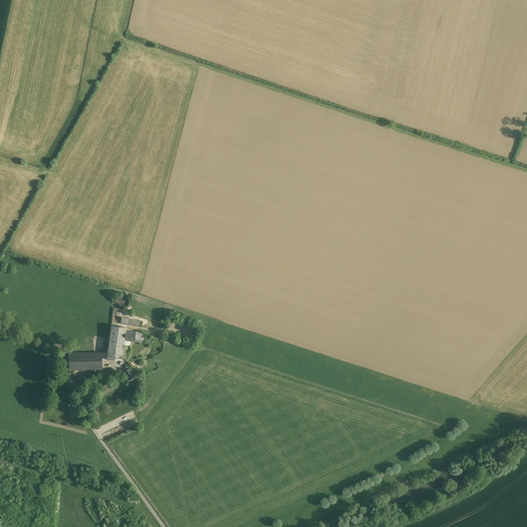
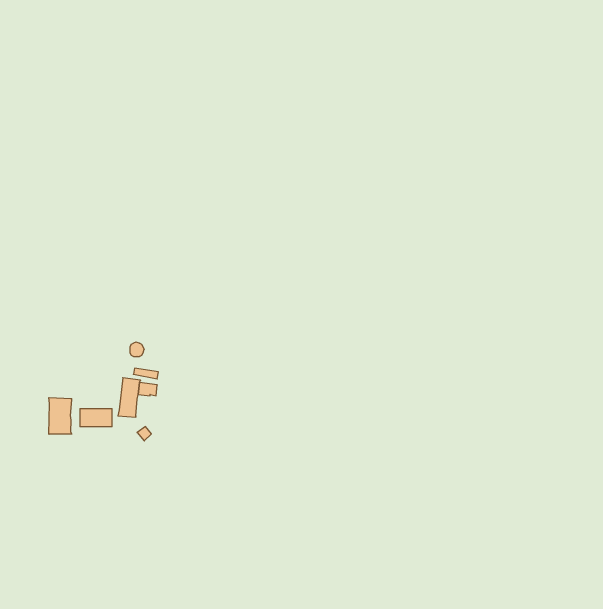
building: none -> [49,398,72,434]

